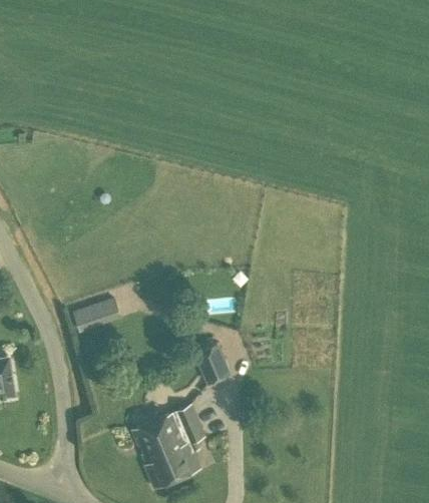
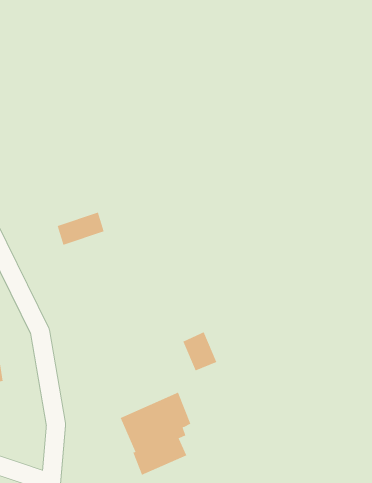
building: [73,297,121,331] -> [57,212,104,246]

